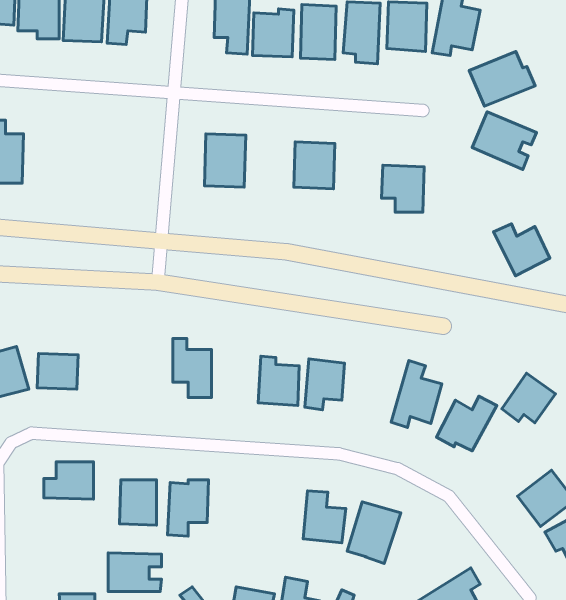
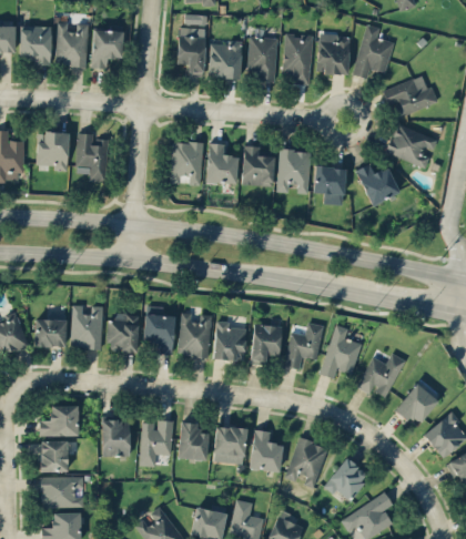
building: none -> [37,132,69,171]
building: none -> [75,133,107,182]
building: none -> [206,143,237,184]
building: none -> [277,150,310,194]
building: [494,224,550,276] -> [355,164,401,206]
building: none -> [71,305,104,348]
building: none -> [179,313,212,357]
building: none -> [109,314,140,352]
building: none -> [284,322,324,369]
building: [502,373,555,423] -> [395,383,438,423]
building: none -> [179,423,207,459]
building: none -> [212,425,250,465]
building: none -> [40,440,69,471]
building: none -> [323,457,369,499]
building: [108,553,162,591] -> [41,476,84,507]

